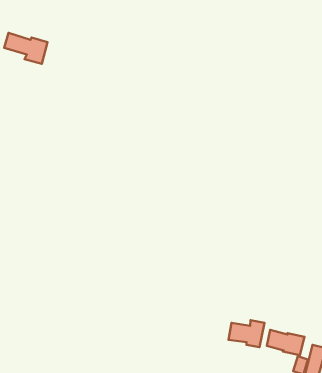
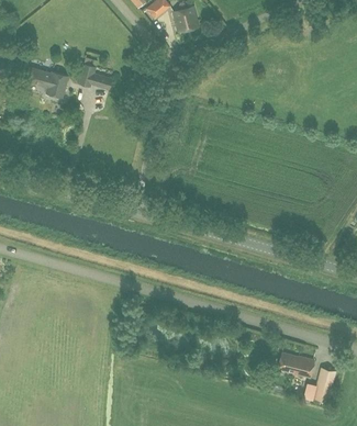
building: none -> [78,58,112,90]
building: [229,320,264,347] -> none

